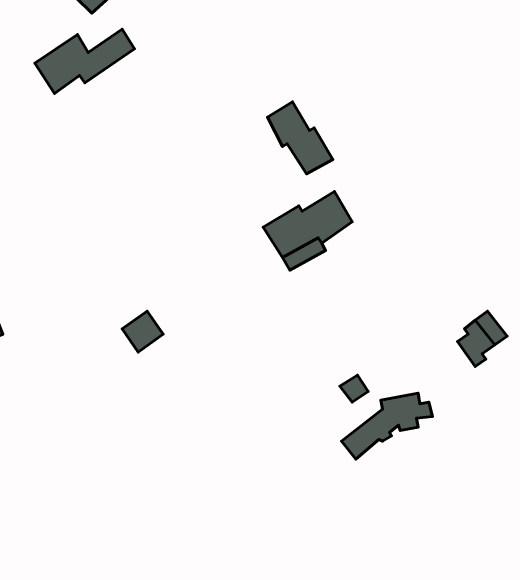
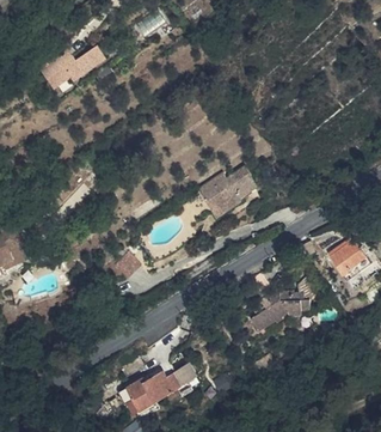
building: [268,102,333,174] -> none
building: none -> [133,365,190,407]

